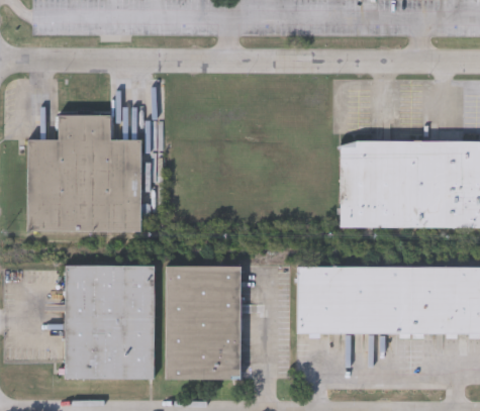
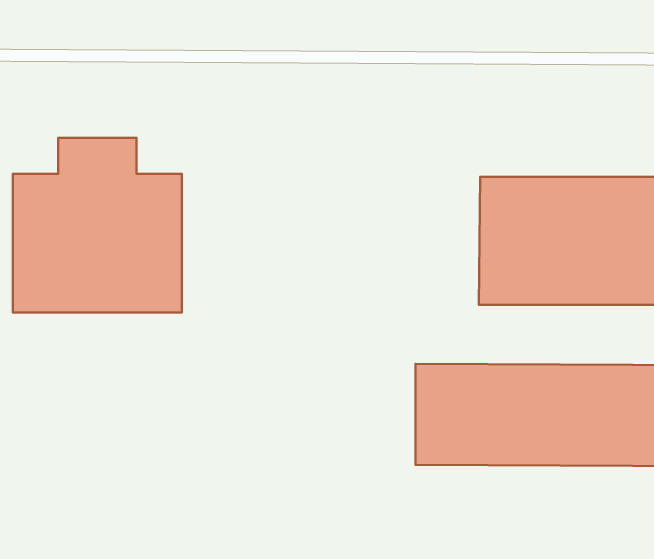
building: [65,265,155,380] -> none
building: [166,265,241,380] -> none

